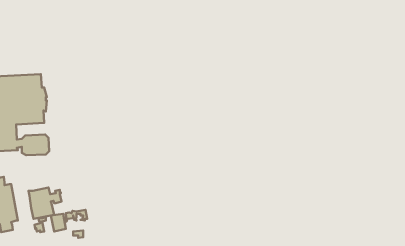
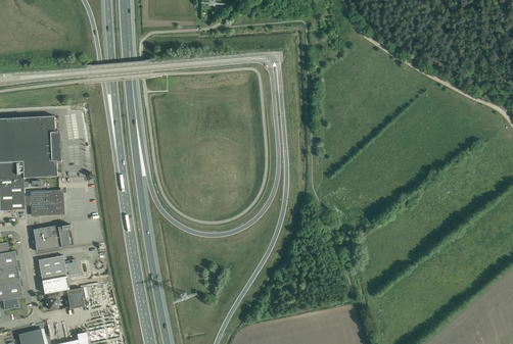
building: none -> [34,224,73,250]

